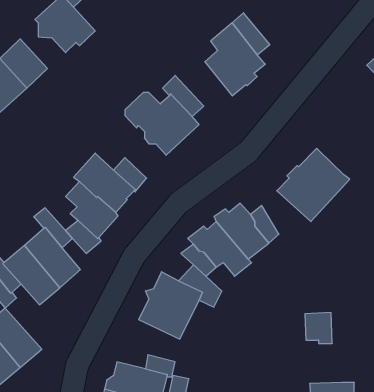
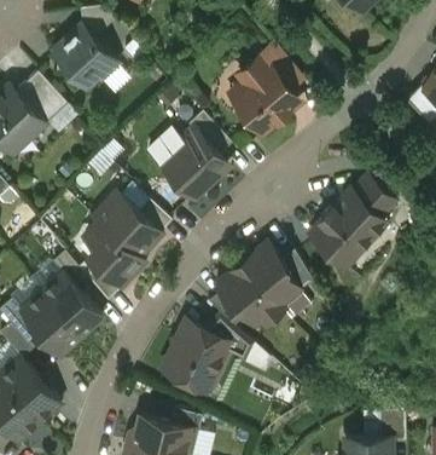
building: none -> [353,175,395,217]
building: [305,313,332,343] -> [377,408,406,440]

